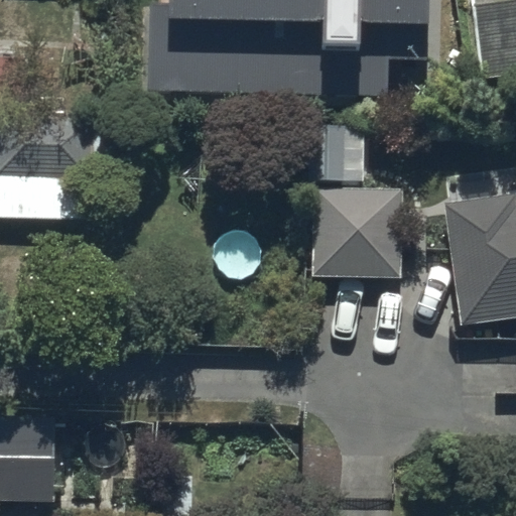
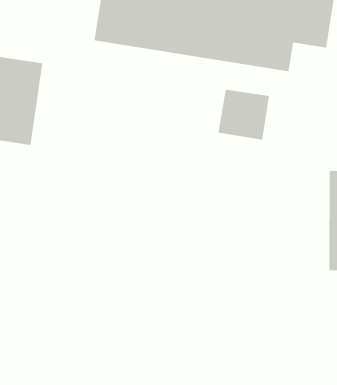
building: [314,186,403,276] -> none

